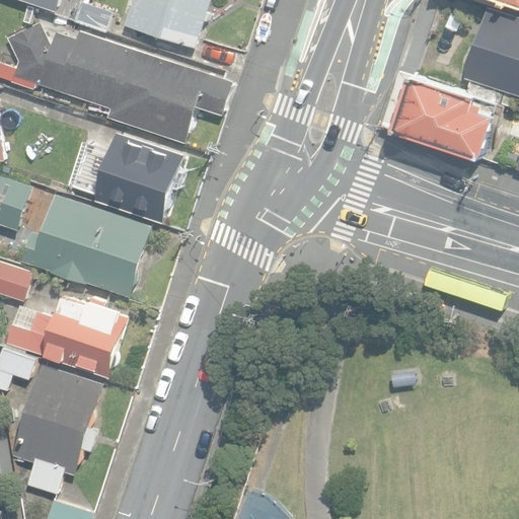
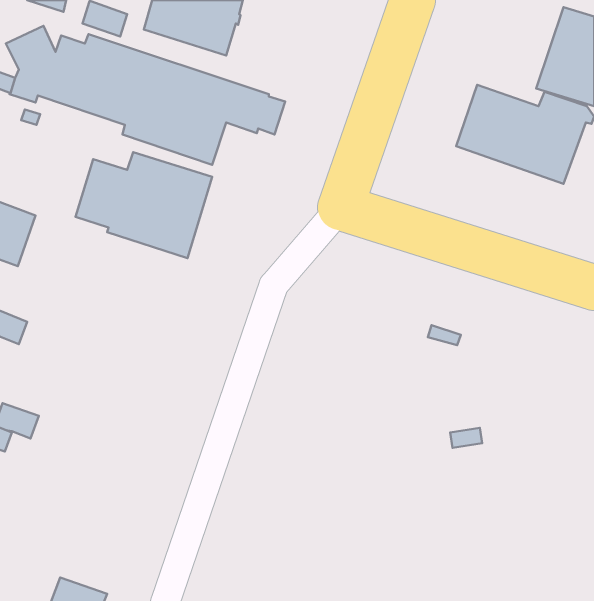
building: [20,194,151,296] -> none
building: [4,289,130,377] -> none
building: [10,363,101,492] -> none

